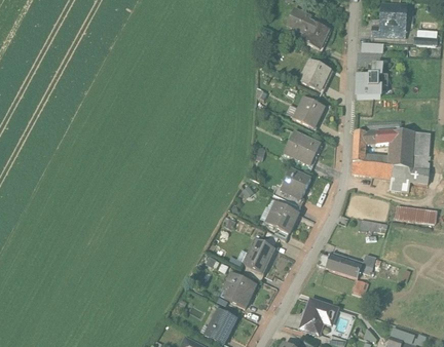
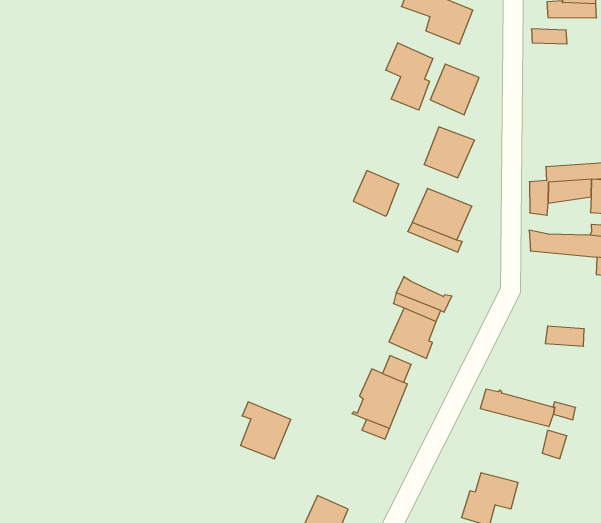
building: none -> [386,43,433,110]
building: [357,64,382,97] -> none
building: [282,168,309,196] -> [353,171,399,216]
building: [225,271,256,306] -> [241,402,291,459]

